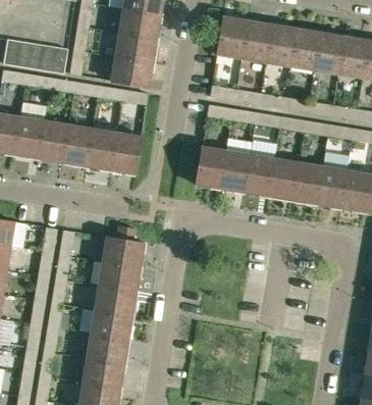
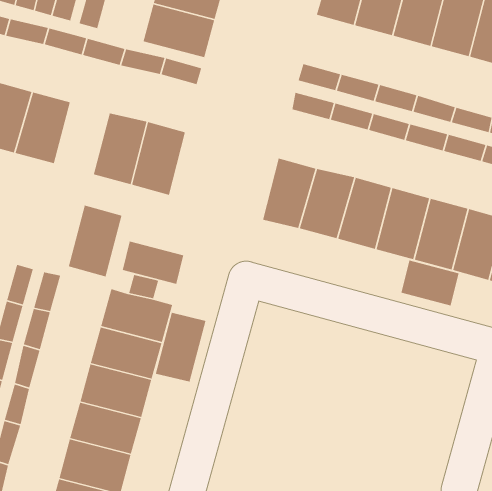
building: [63,123,94,167] -> [68,205,122,277]
building: none -> [401,260,459,306]
building: none -> [122,240,184,285]
building: none -> [155,312,206,383]

